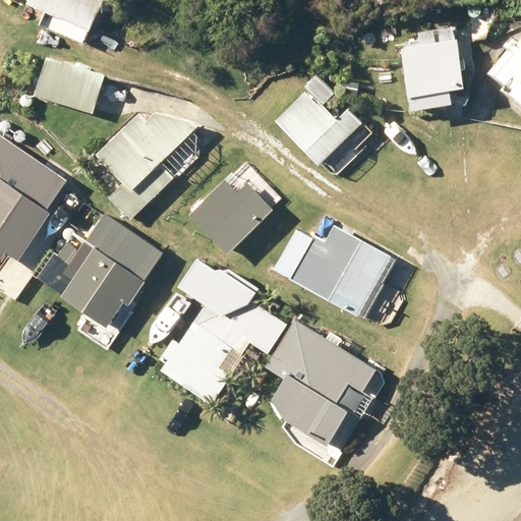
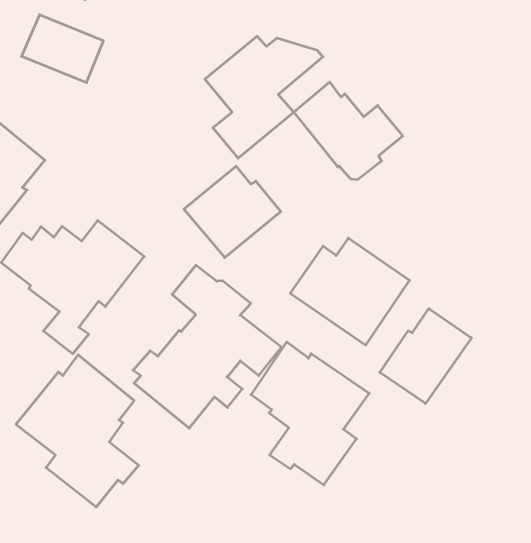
building: [402,40,465,108] -> none
building: [96,113,196,221] -> [205,36,323,158]
building: none -> [380,309,471,404]
building: none -> [16,355,139,507]

